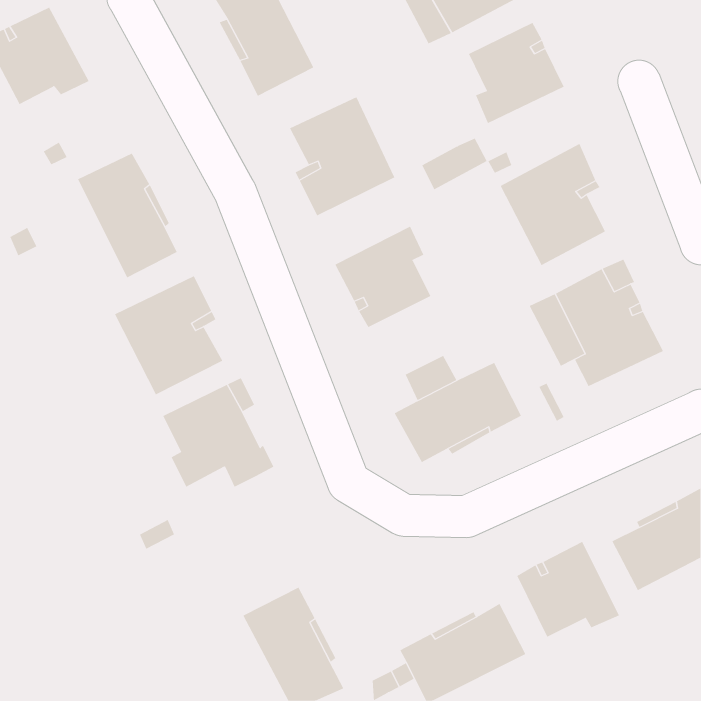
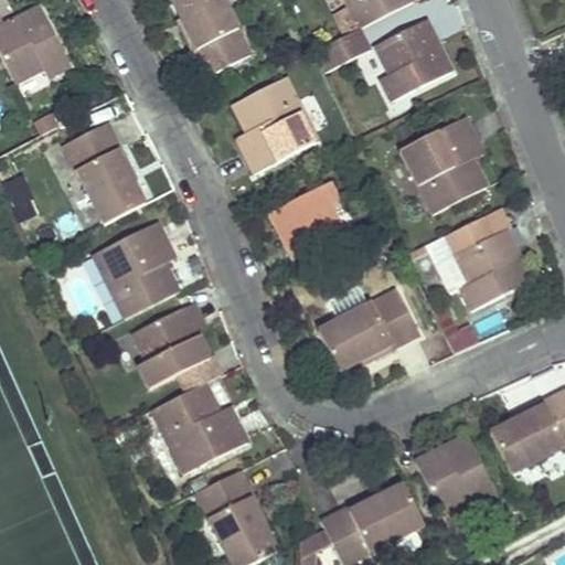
building: [421,138,488,190] -> [315,29,367,71]
building: none -> [151,382,248,473]

